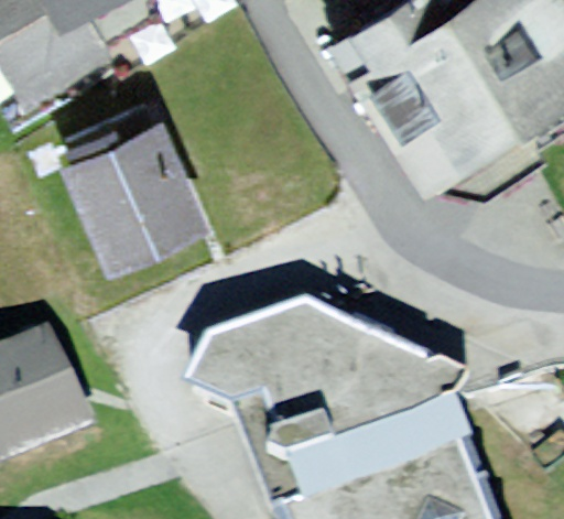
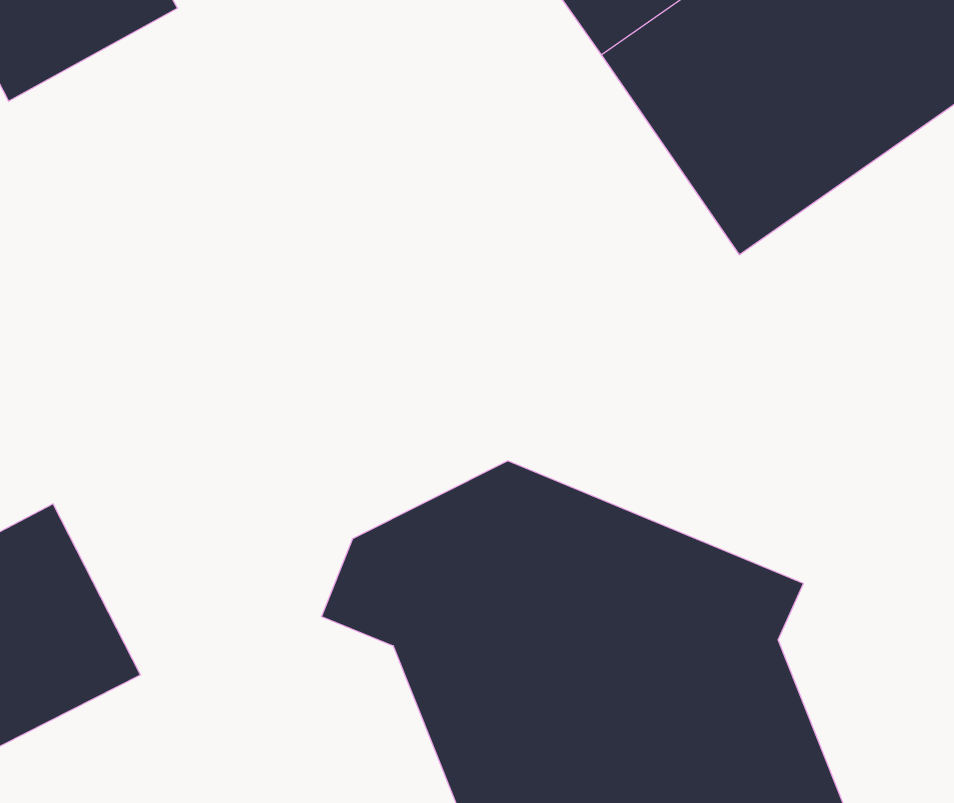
building: [65,109,205,259] -> none

